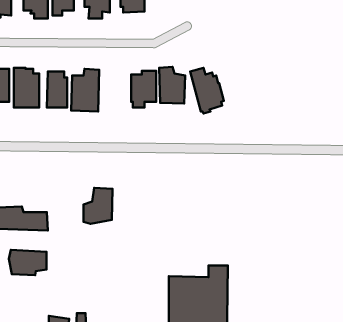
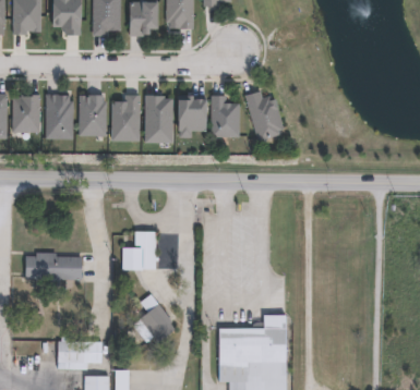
building: none -> [145,96,173,142]
building: none -> [135,293,172,340]
building: [9,250,47,275] -> [57,339,99,367]

